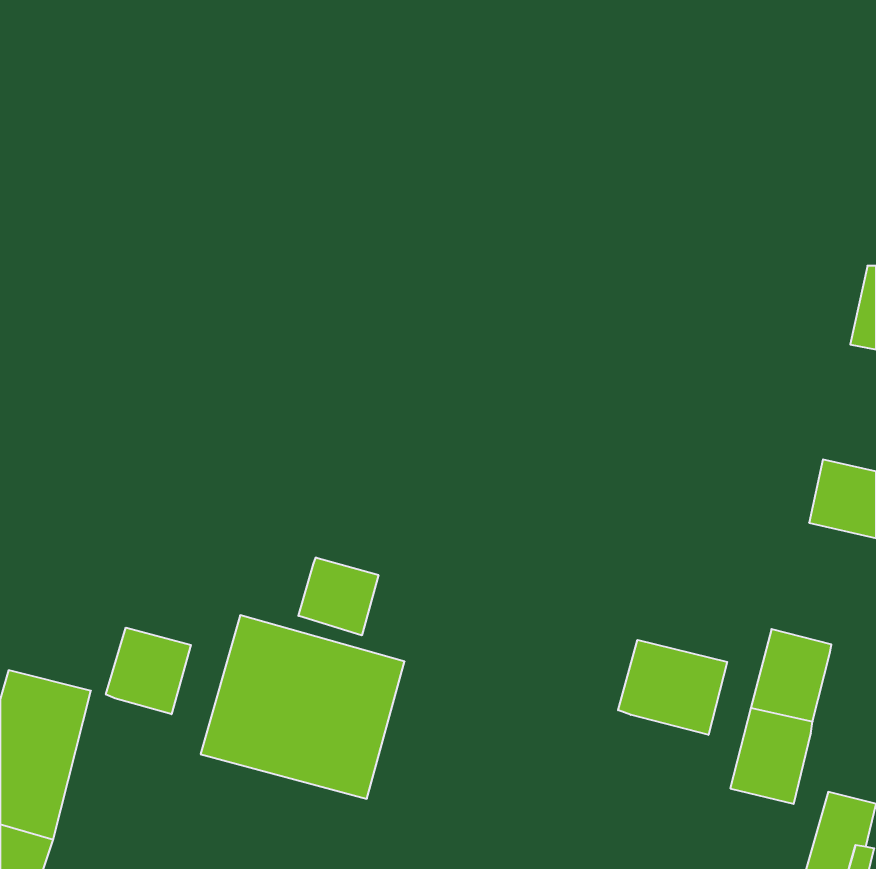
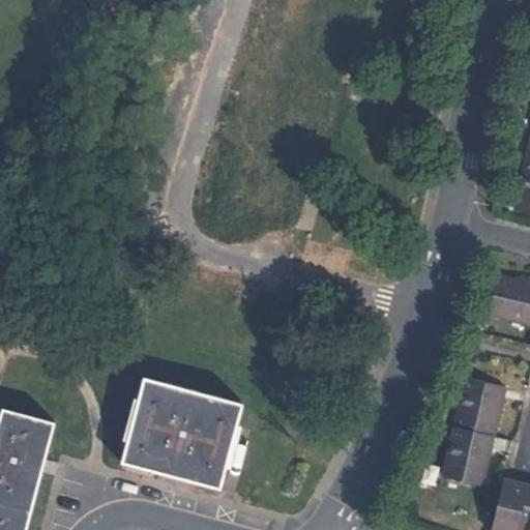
building: [298,557,378,635] -> none
building: [106,628,191,714] -> none
building: [618,640,727,735] -> none

